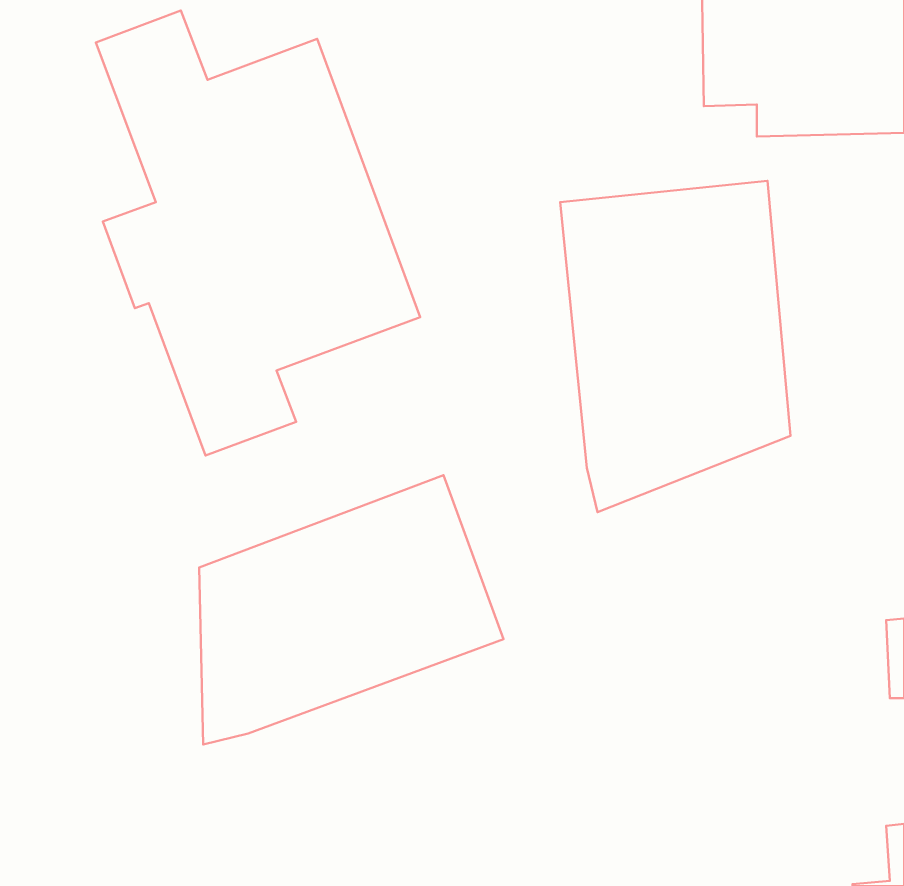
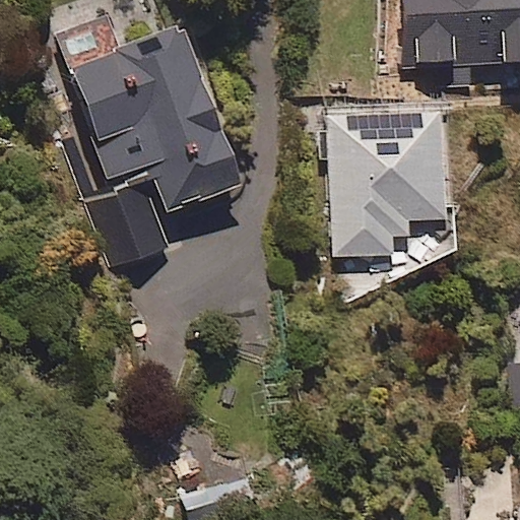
building: [199,475,503,744] -> none

